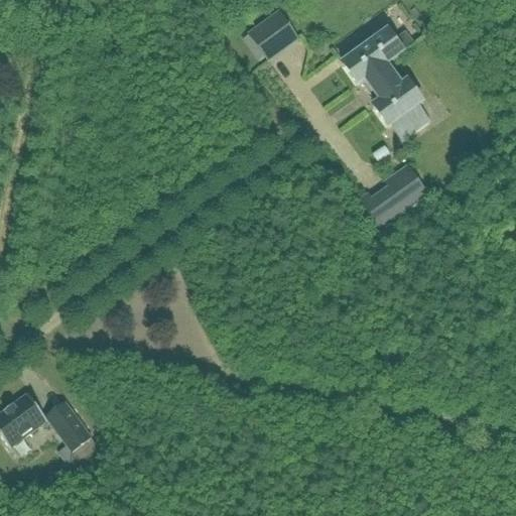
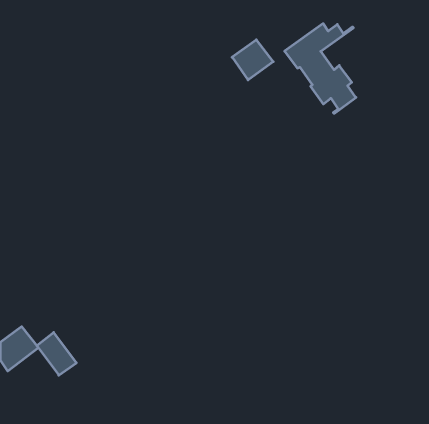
building: [249,10,298,58] -> [232,40,273,80]
building: [360,165,426,226] -> none

